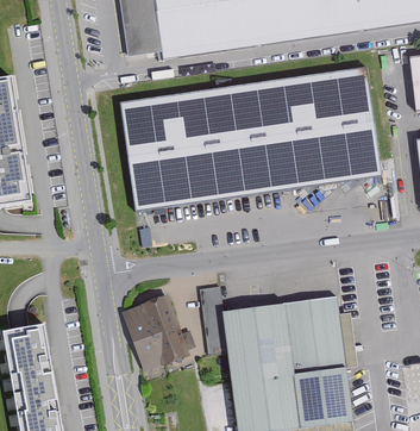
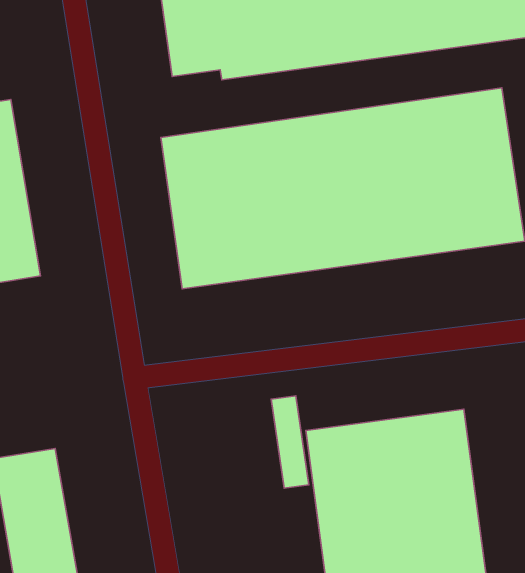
building: [123,295,189,370] -> none

